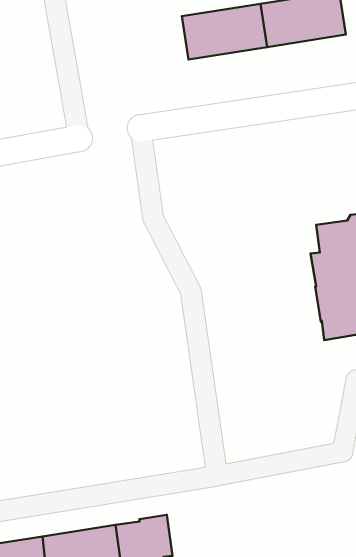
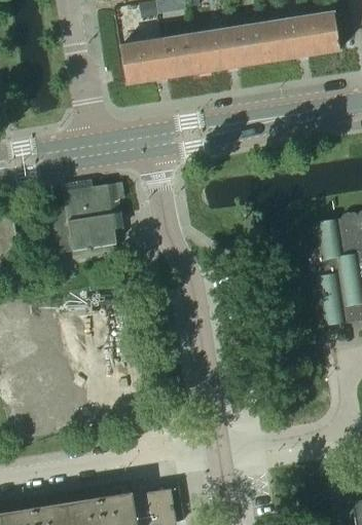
building: none -> [119,34,196,84]
building: none -> [57,182,132,261]

